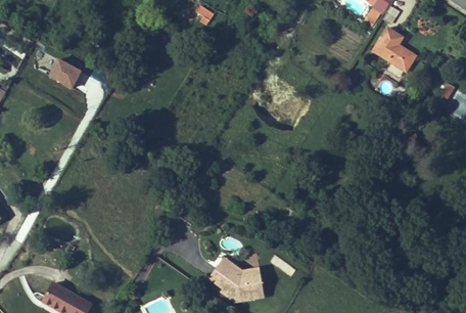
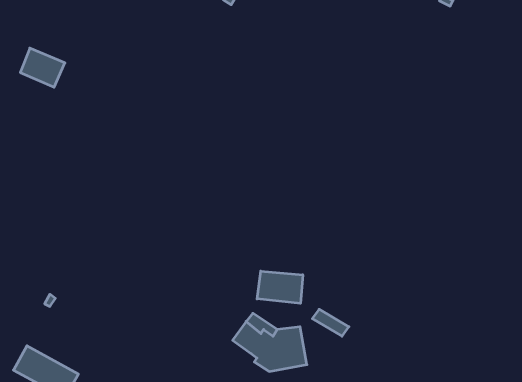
building: [373,27,416,71] -> none
building: none -> [257,271,303,303]

